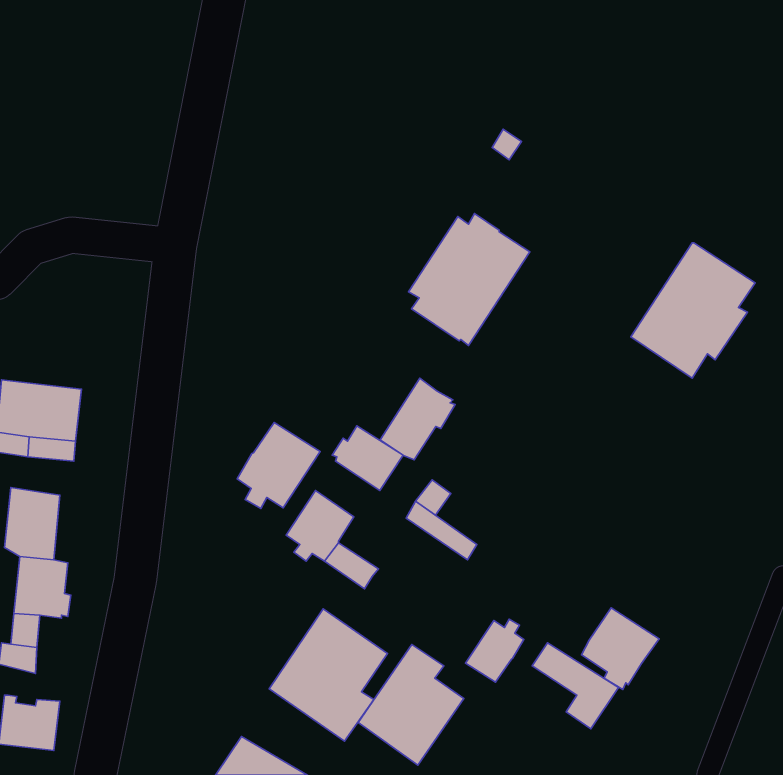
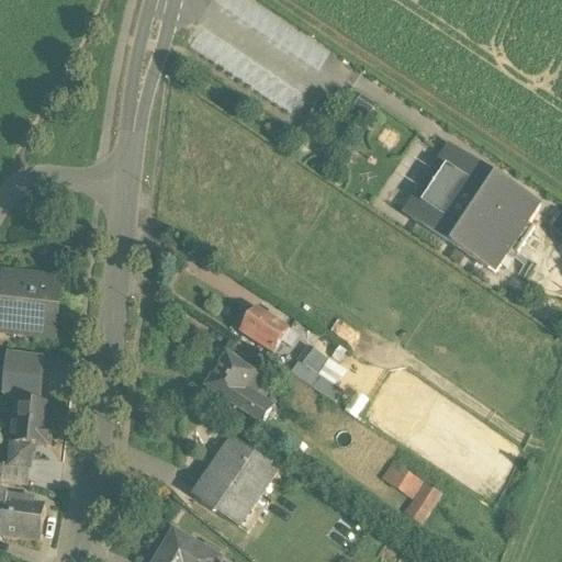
building: [408,213,530,346] -> [407,146,494,240]
building: [380,378,455,460] -> none
building: [237,422,320,508] -> none
building: [582,608,659,689] -> none
building: [465,619,524,682] -> none
building: [358,644,464,765] -> none

